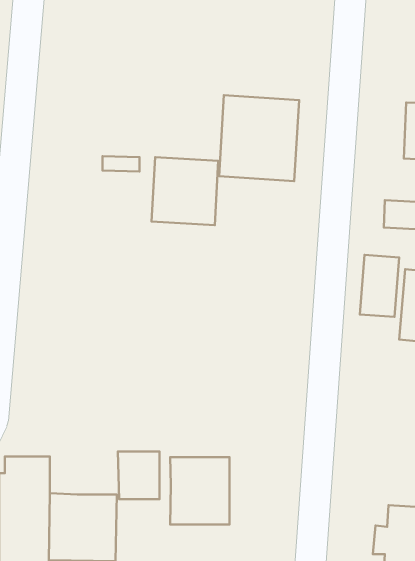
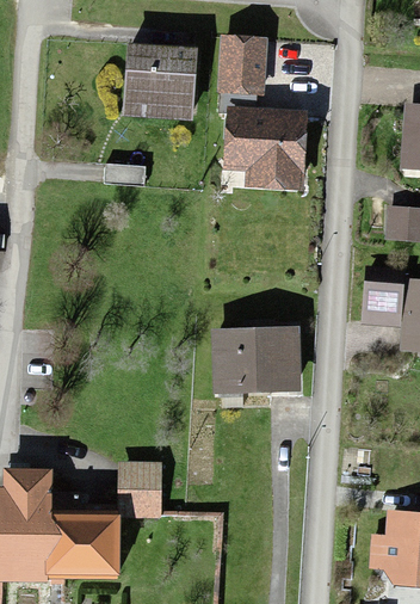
building: none -> [211,32,259,93]
building: [152,157,218,225] -> [126,49,193,117]
building: none -> [212,331,297,392]
building: [170,457,230,524] -> none

